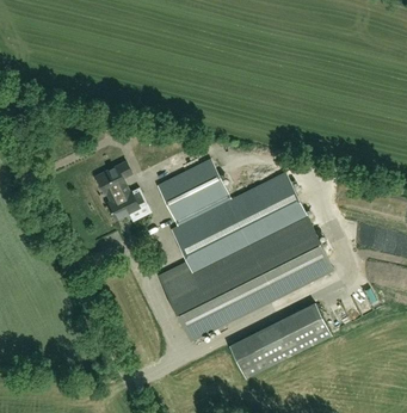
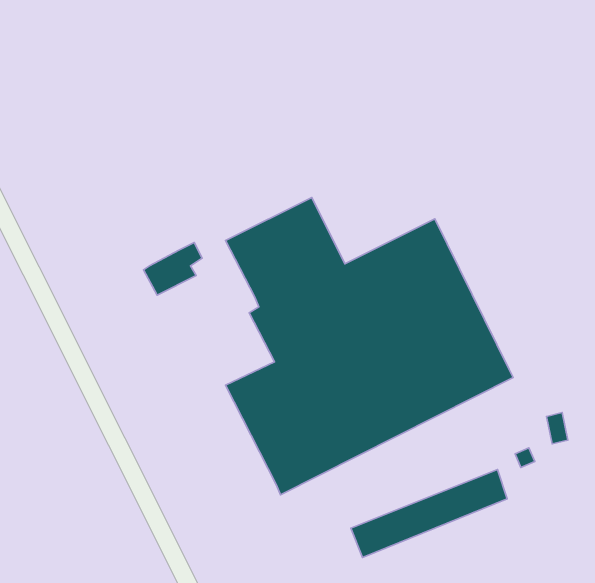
building: [95,161,131,201] -> none
building: [230,307,320,360] -> none

